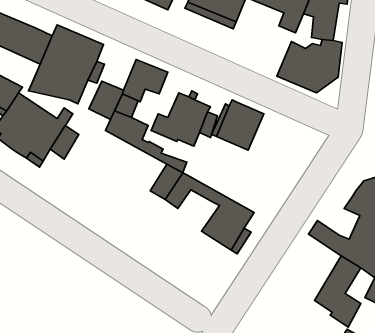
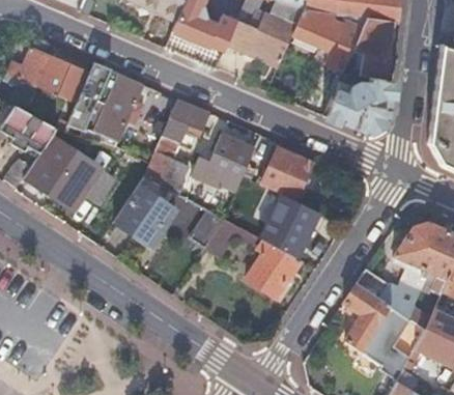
building: none -> [114,185,175,247]
building: none -> [265,192,328,256]
building: none -> [343,283,391,352]

